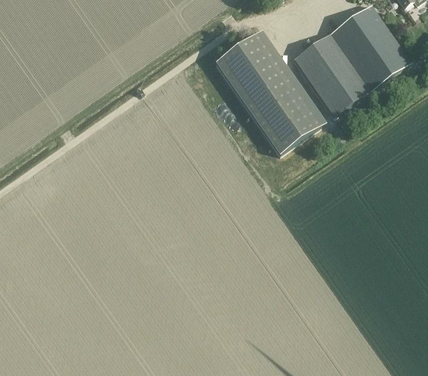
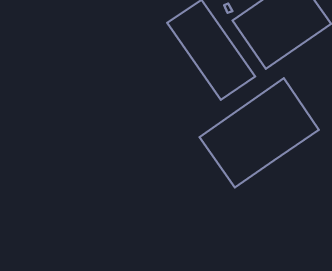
building: none -> [199,78,319,188]

